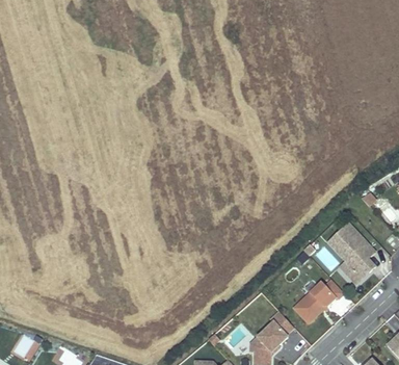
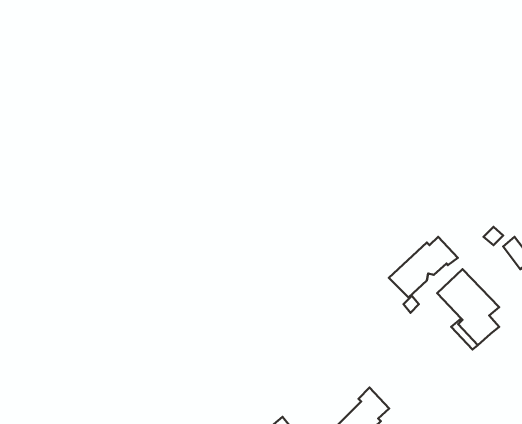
building: [293,278,344,322] -> [389,237,458,297]

